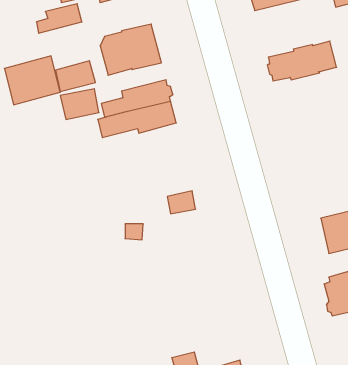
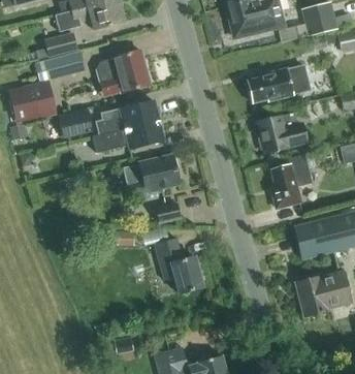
building: [56,61,95,92] -> [47,49,84,76]
building: none -> [258,112,309,153]
building: none -> [271,154,313,208]
building: none -> [123,155,180,197]
building: none -> [155,238,204,293]

